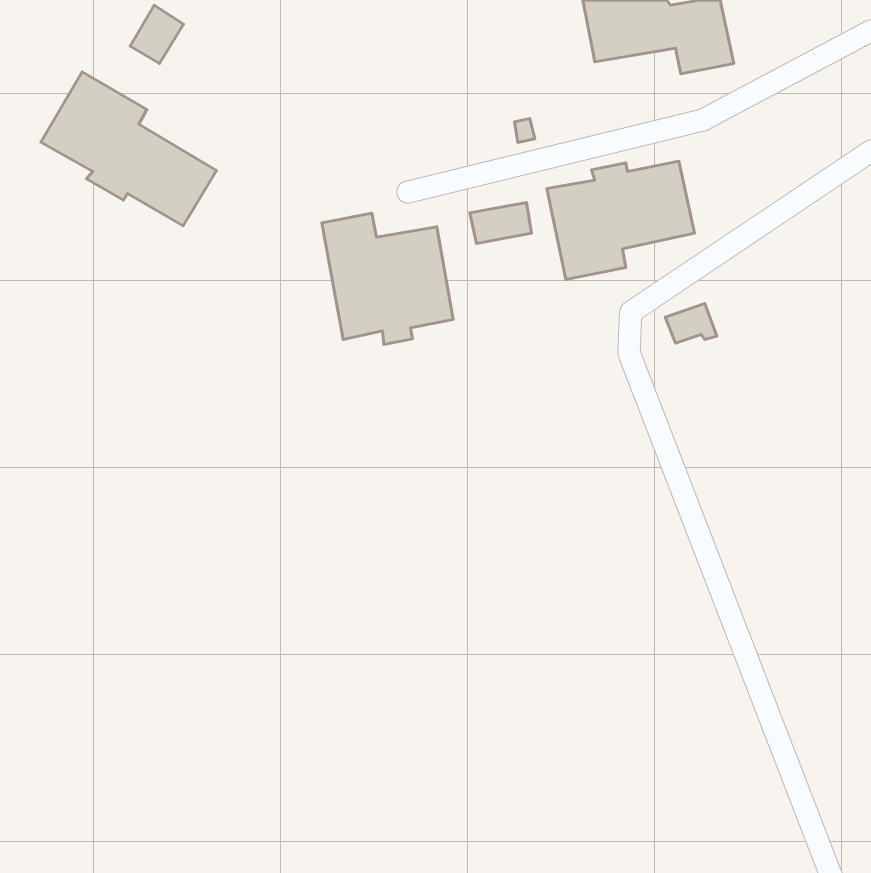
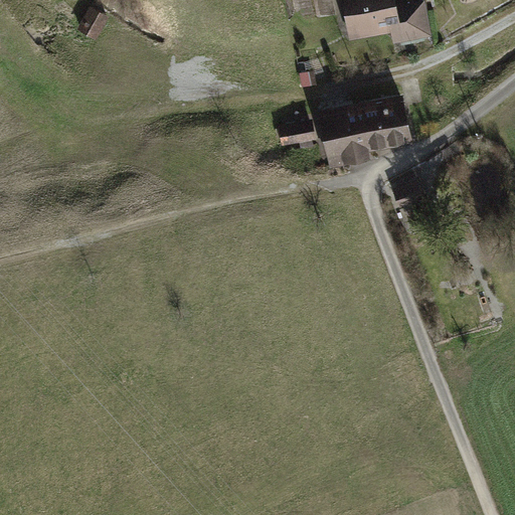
building: [41,72,216,226] -> none
building: [322,213,453,344] -> none

